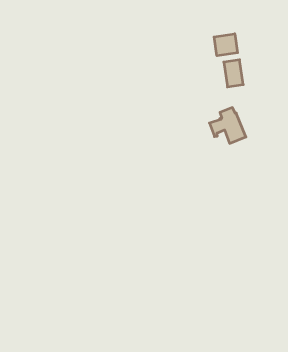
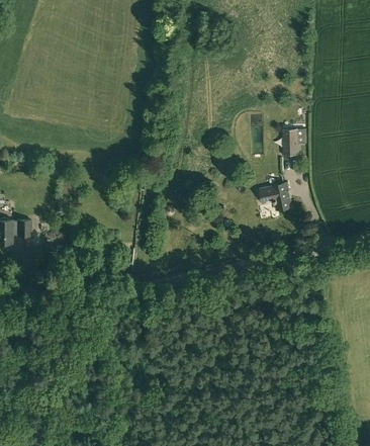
building: [214,34,238,56] -> none

